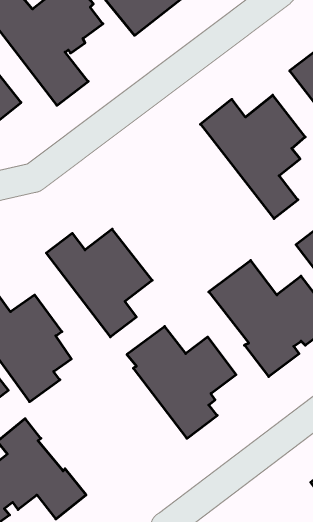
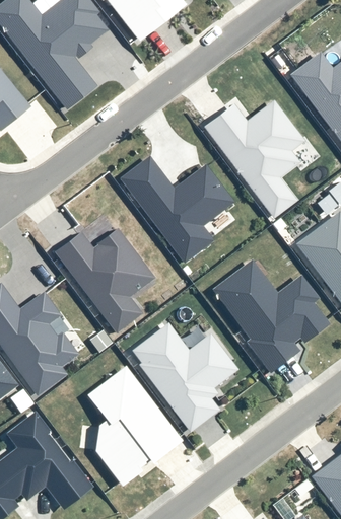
building: none -> [120,155,234,263]
building: none -> [86,365,183,486]

